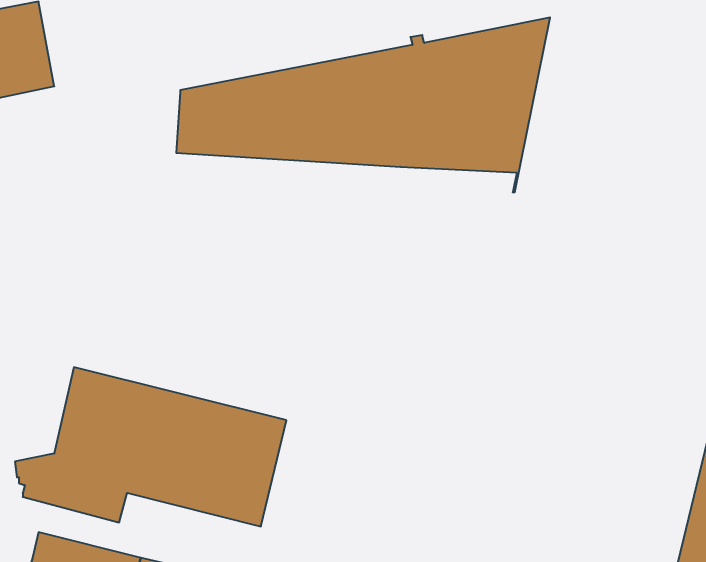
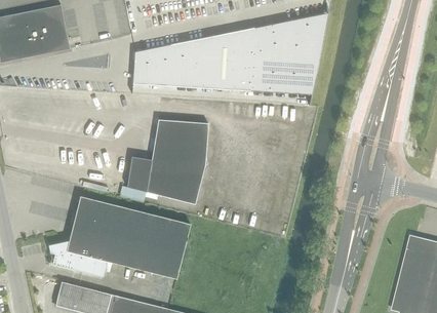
building: none -> [126,120,207,204]

